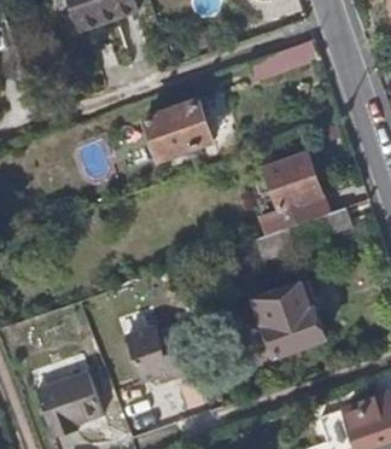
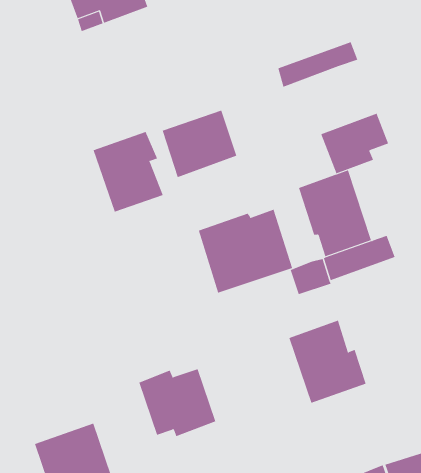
building: none -> [320,113,389,174]
building: none -> [93,131,163,212]
building: none -> [198,209,293,294]

